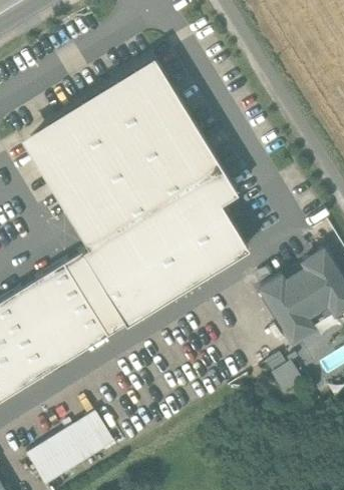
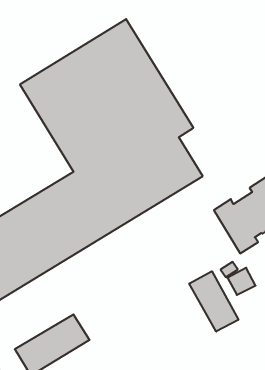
building: none -> [189,271,238,332]

